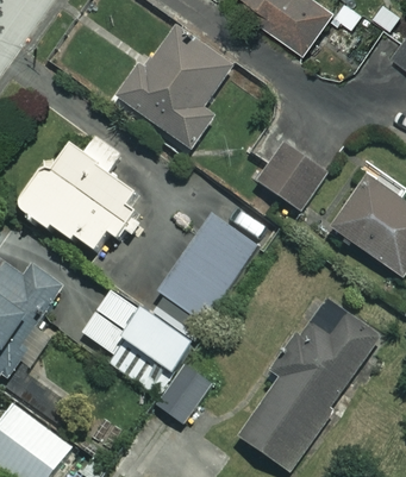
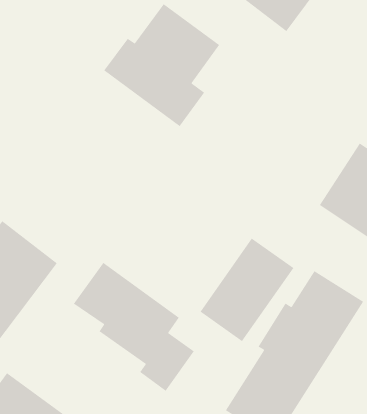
building: [14,134,146,250] -> none
building: [246,144,324,215] -> none
building: [161,214,258,321] -> [199,238,294,342]

